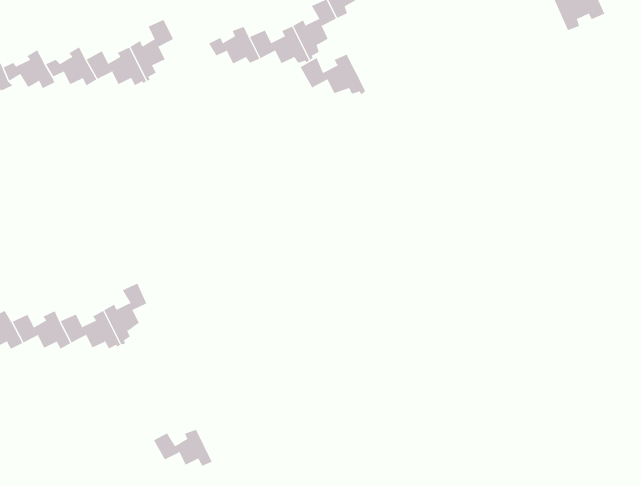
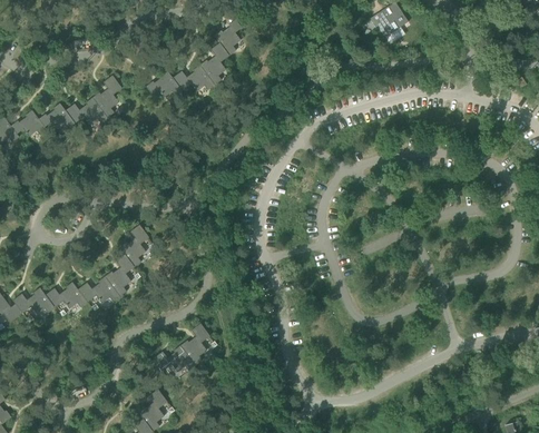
building: [300,54,366,95] -> none
building: none -> [119,224,148,267]
building: none -> [180,323,209,365]

